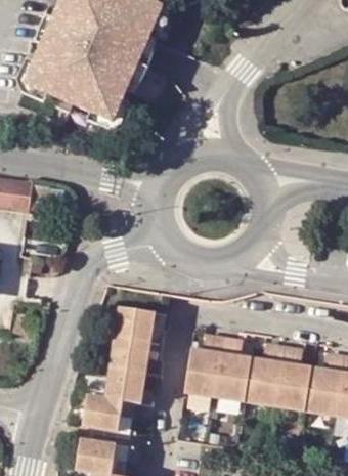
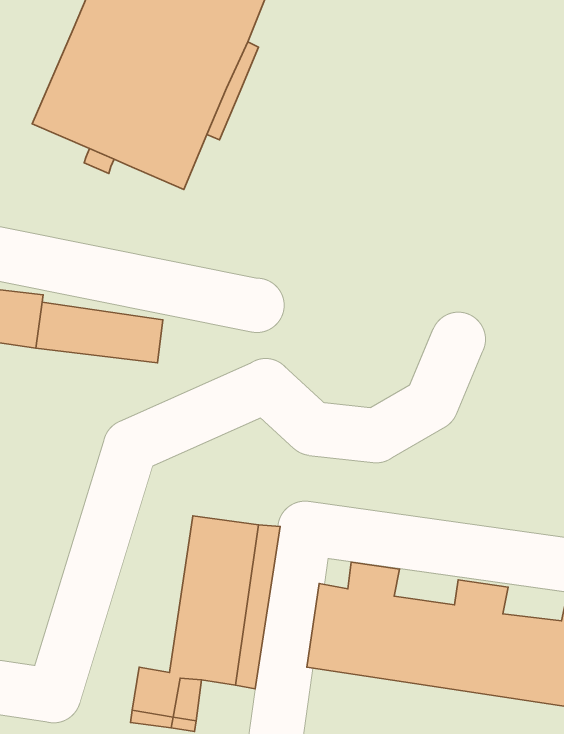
building: none -> [36,302,163,363]

